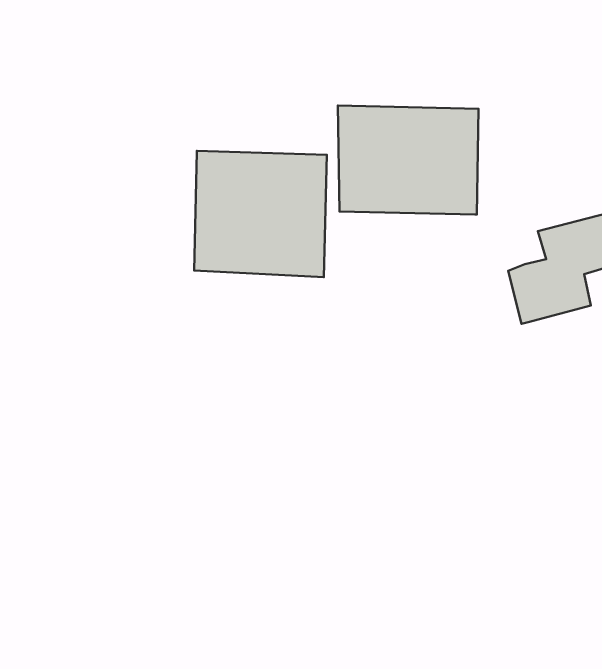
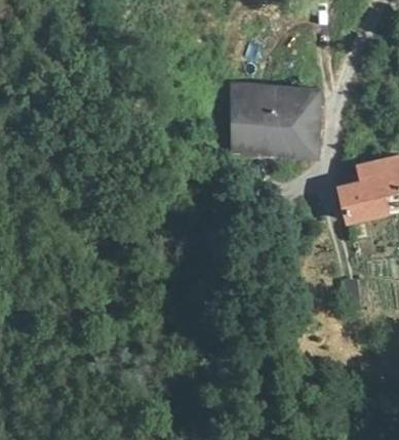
building: [194,151,327,277] -> none

